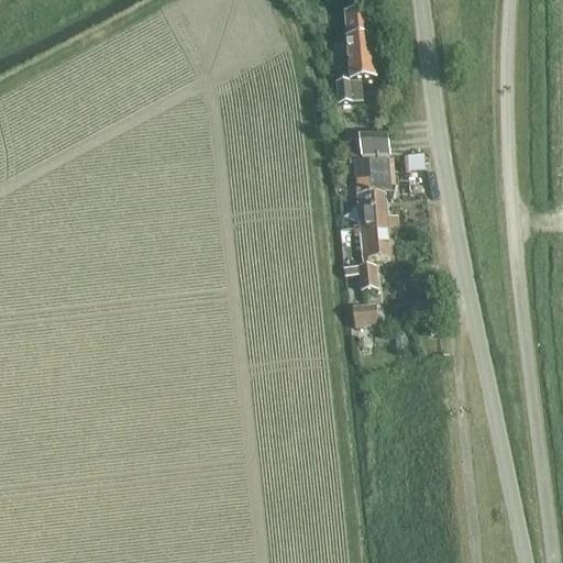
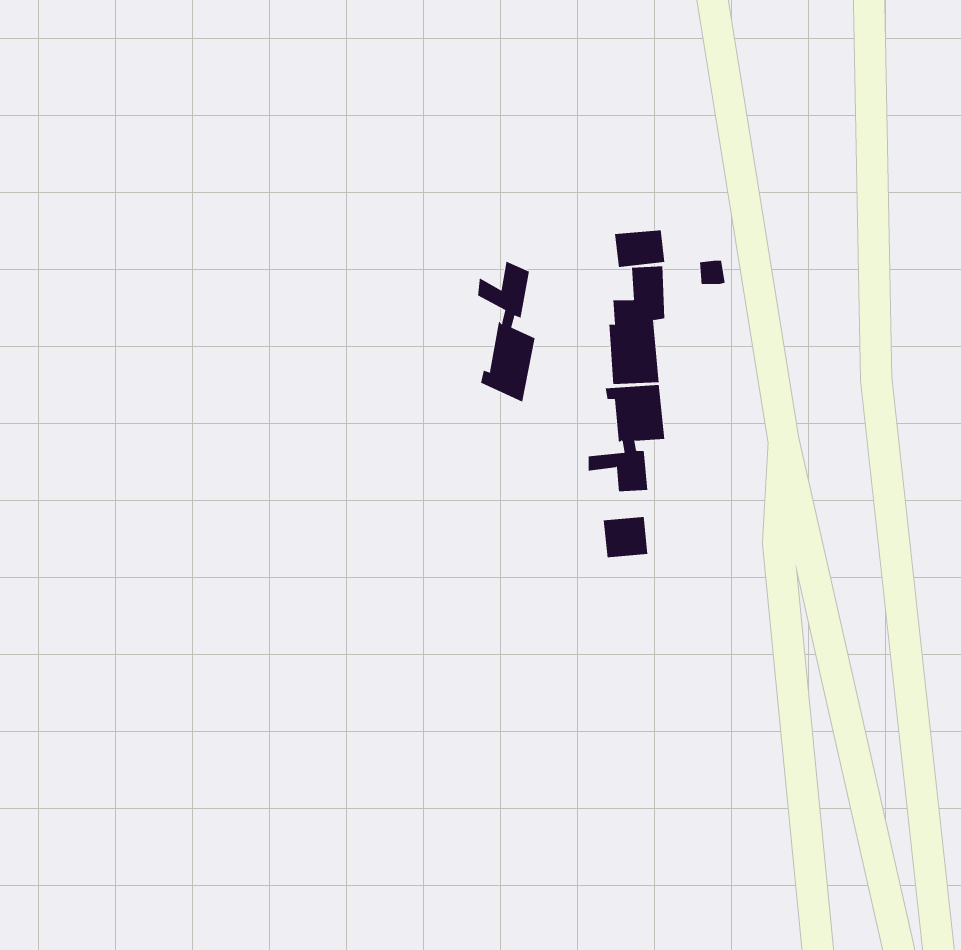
building: [334,11,375,100] -> none
building: none -> [477,261,535,403]

